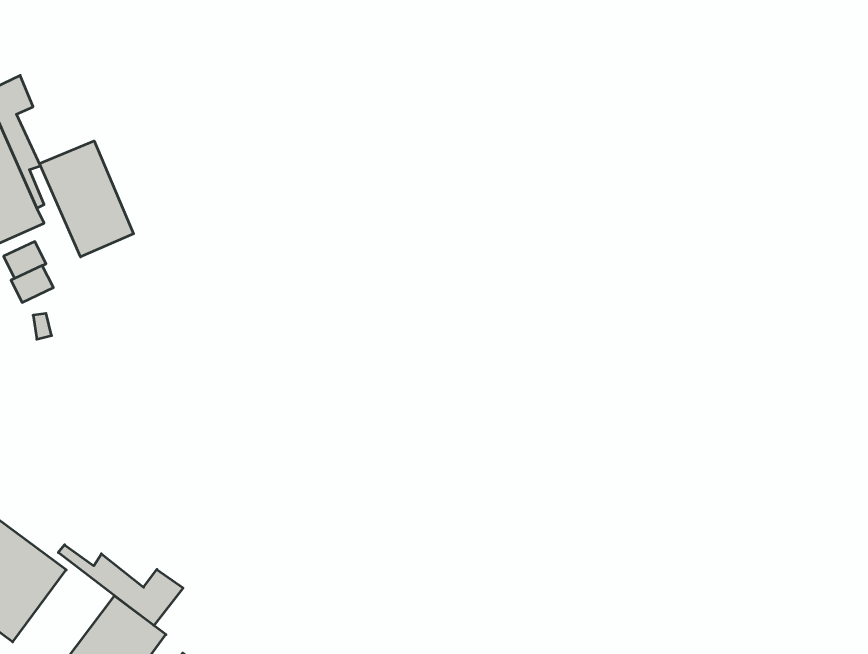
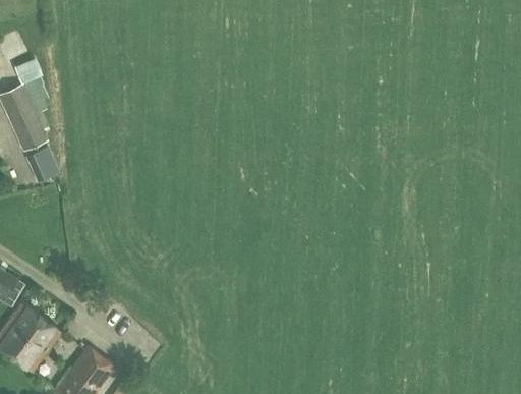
building: [39,141,134,257] -> none
building: [58,545,183,625] -> none

